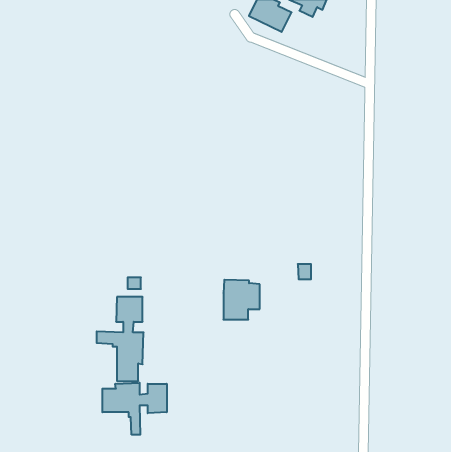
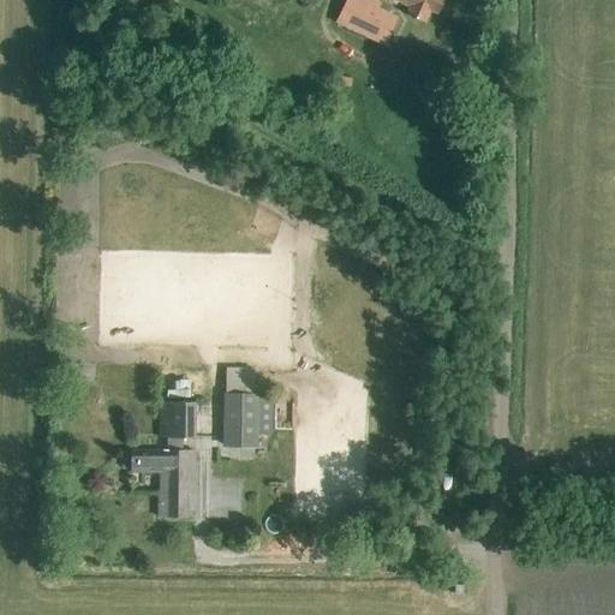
building: [223,280,260,320] -> [223,395,273,449]
building: [102,383,167,435] -> none

